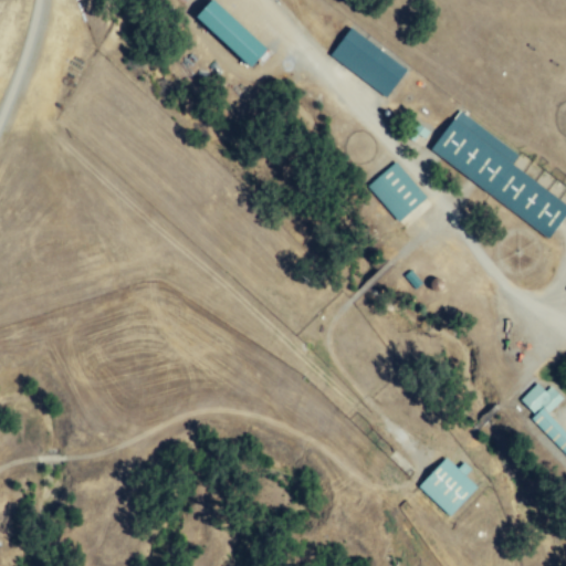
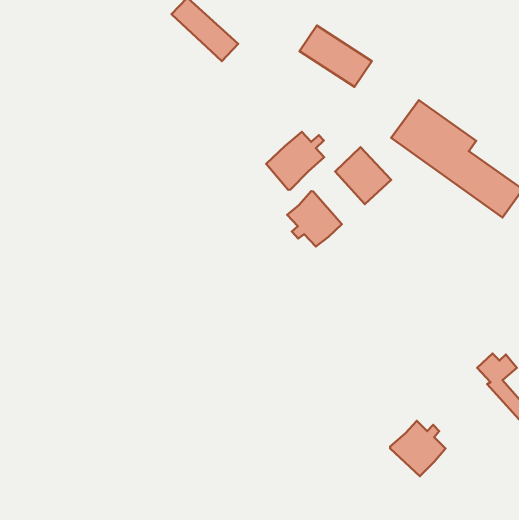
building: none -> [266,132,324,190]
building: none -> [287,191,342,246]

